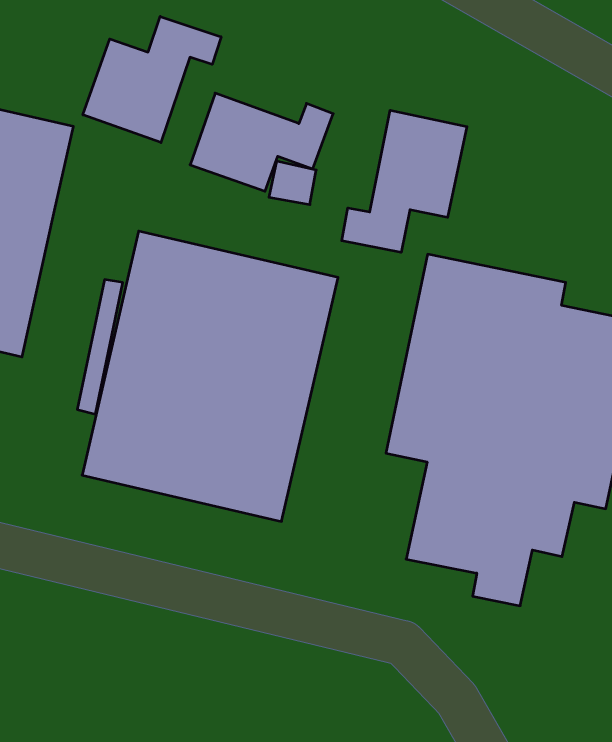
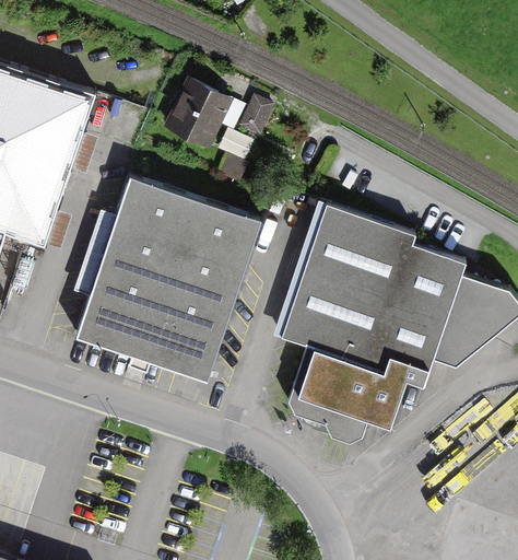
building: [83,16,221,143] -> none
building: [342,110,467,252] -> none

